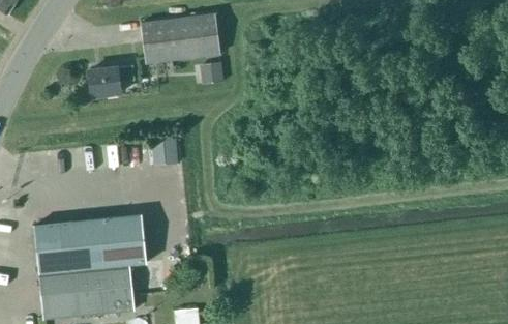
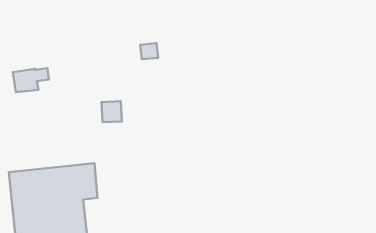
building: [141,14,220,64] -> none
building: [88,66,135,97] -> [13,68,49,92]

